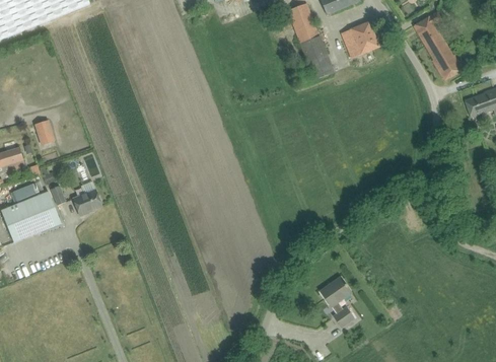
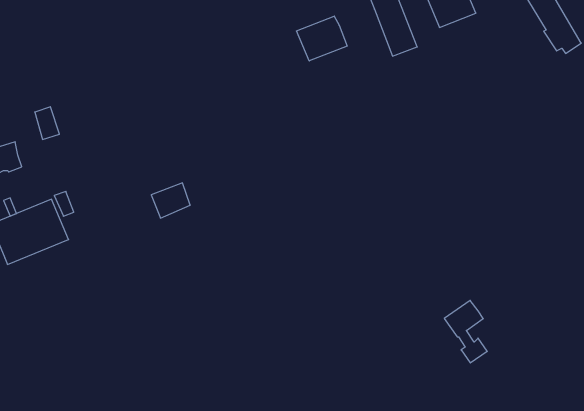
building: none -> [297,16,347,61]
building: [72,188,102,215] -> [151,183,190,218]
building: [321,277,354,325] -> [444,300,487,363]

